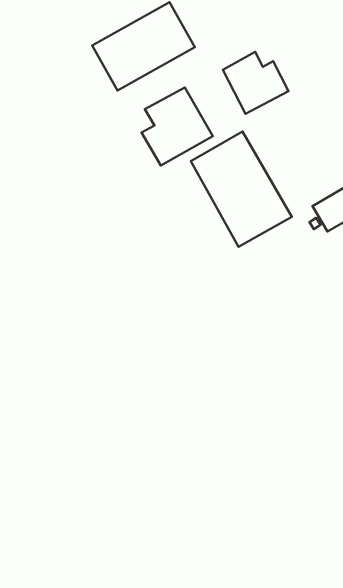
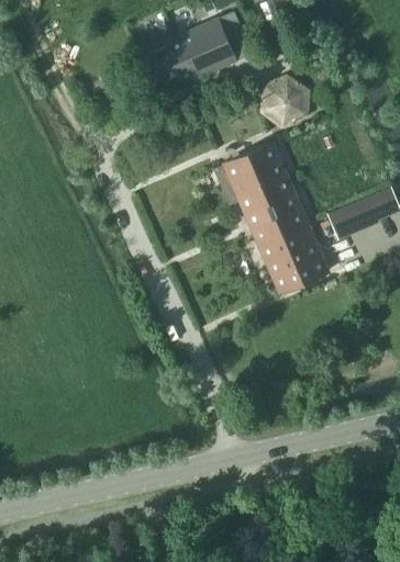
building: [141,87,213,165] -> none
building: none -> [257,223,329,293]

